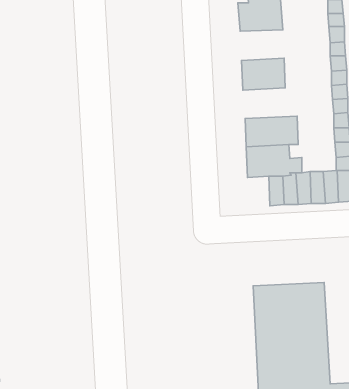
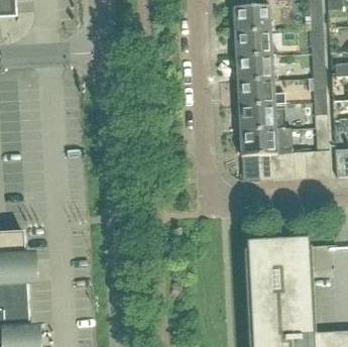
building: none -> [234,30,271,56]
building: none -> [236,80,284,106]

